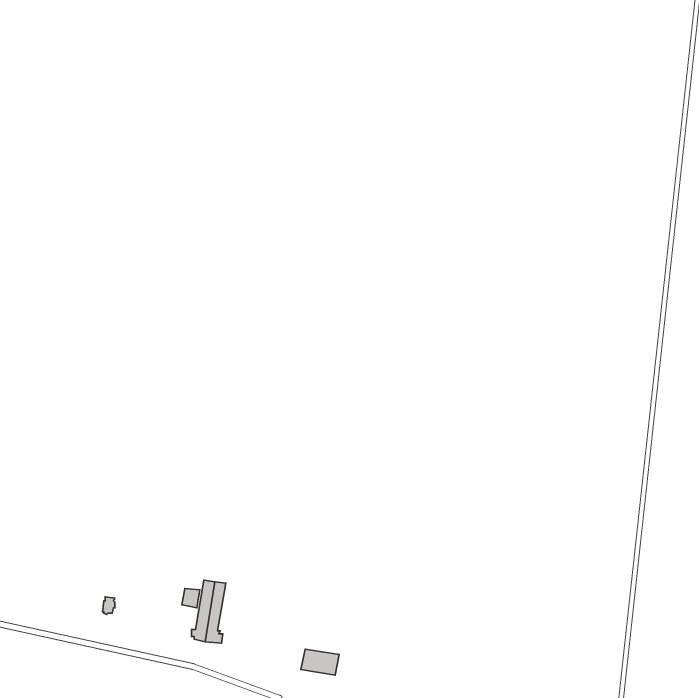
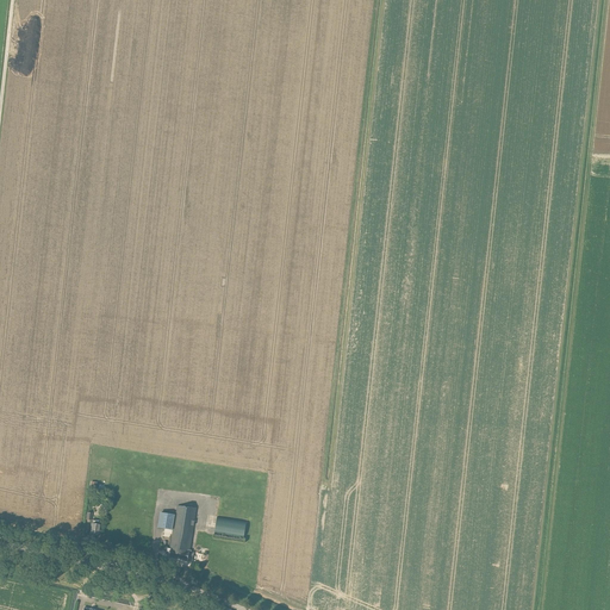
building: [301,649,339,675] -> [213,516,247,539]

